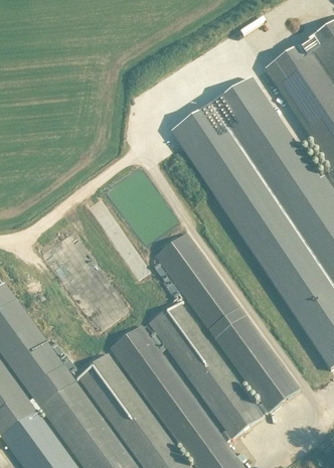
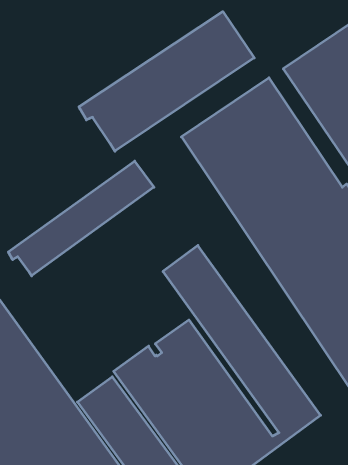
building: none -> [79,12,254,151]
building: none -> [8,161,154,276]

